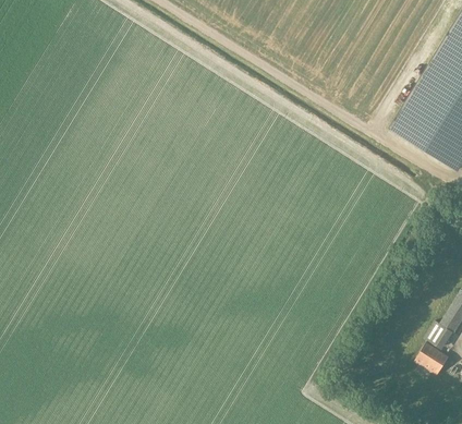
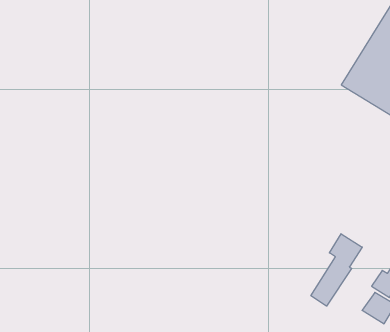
building: none -> [311,234,362,306]

